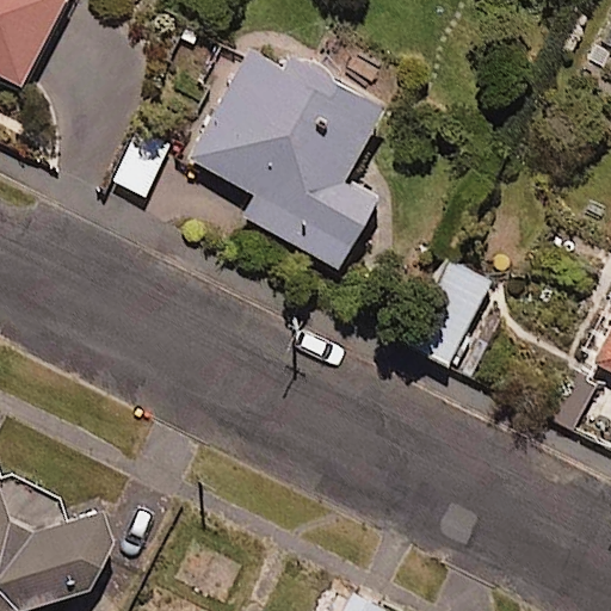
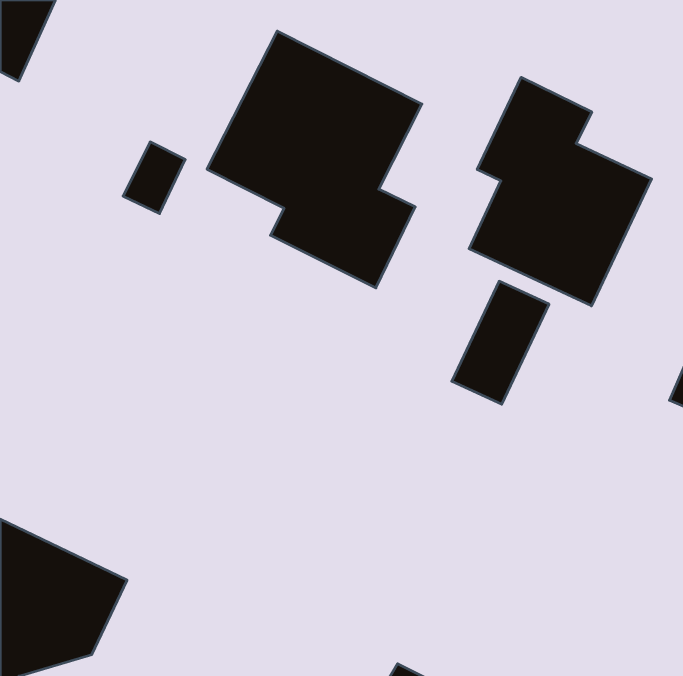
building: none -> [469,77,652,306]

